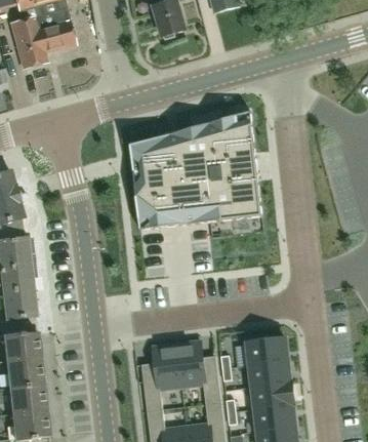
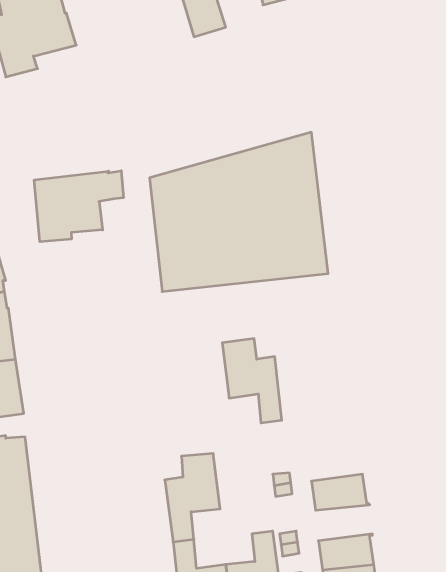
building: none -> [34,171,123,242]
building: [248,338,288,366] -> none
building: [177,343,221,405] -> [222,339,282,423]
building: [253,384,295,410] -> none

